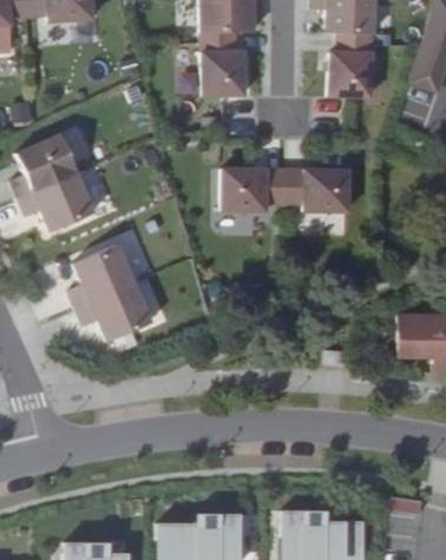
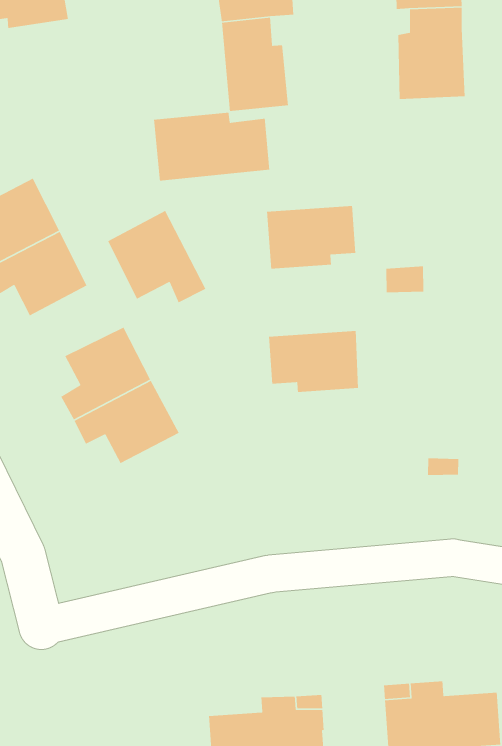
building: none -> [153,112,270,182]
building: none -> [107,210,206,303]
building: [286,168,349,210] -> [268,330,359,393]

